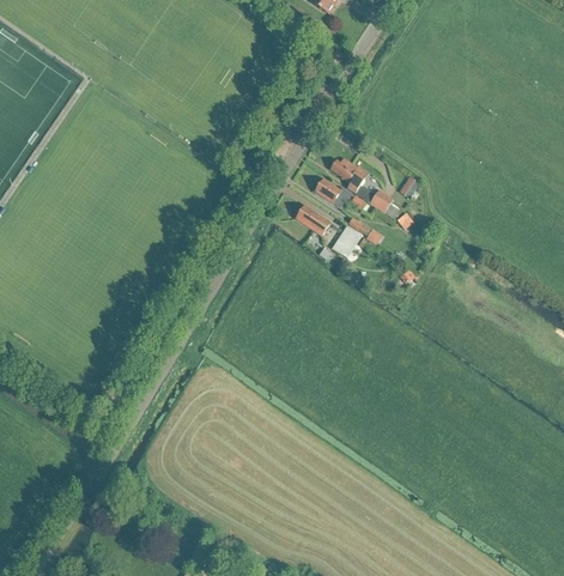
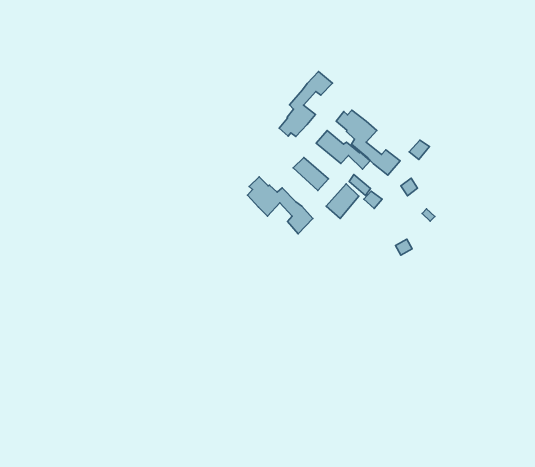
building: none -> [279,72,332,137]
building: none -> [248,177,313,234]

